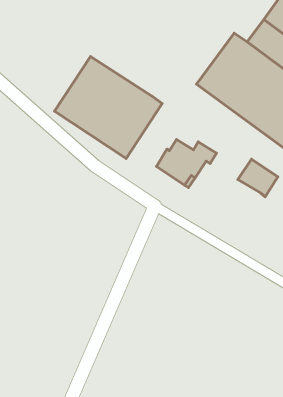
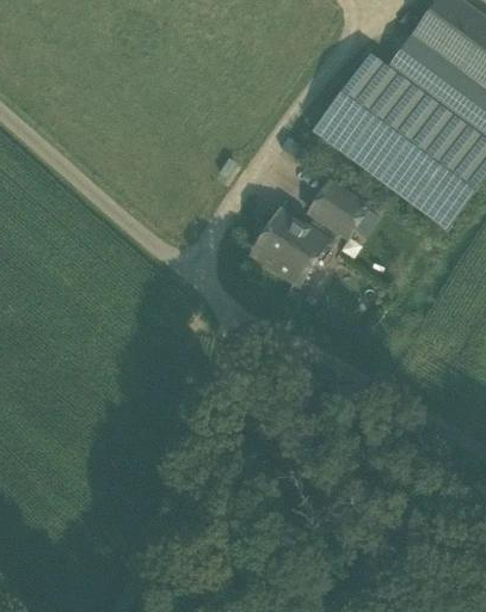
building: [54,56,162,158] -> none
building: [238,159,278,197] -> [308,182,368,238]

